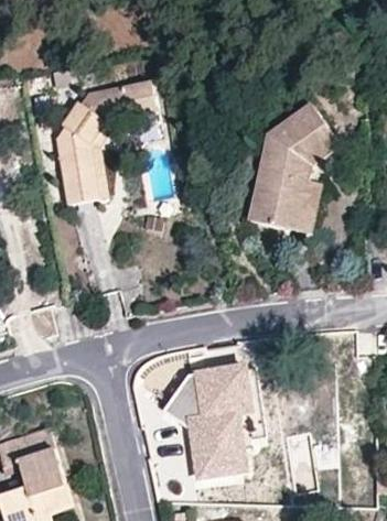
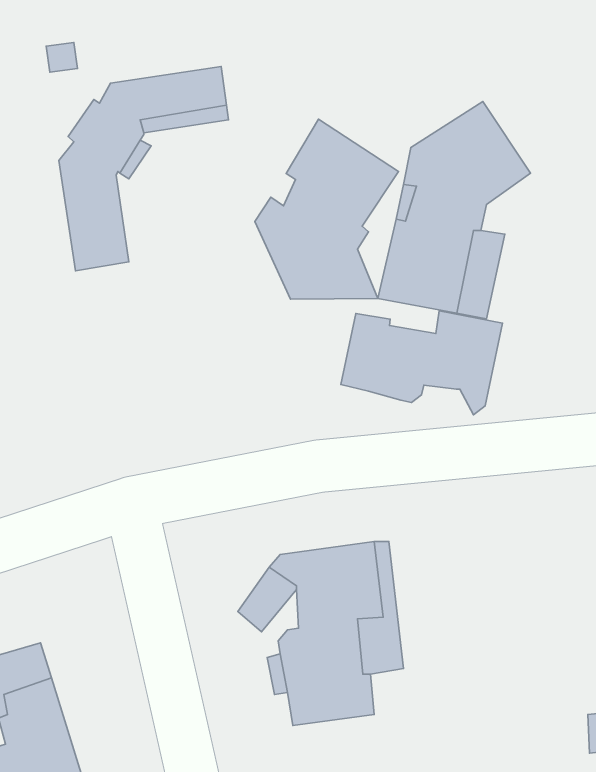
building: none -> [255,119,398,299]
building: none -> [341,311,503,415]

